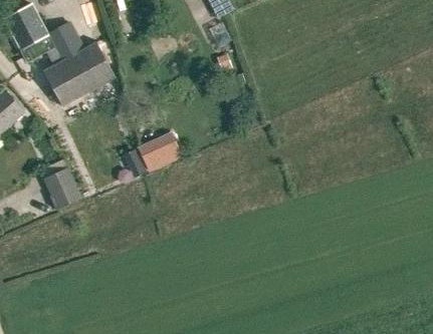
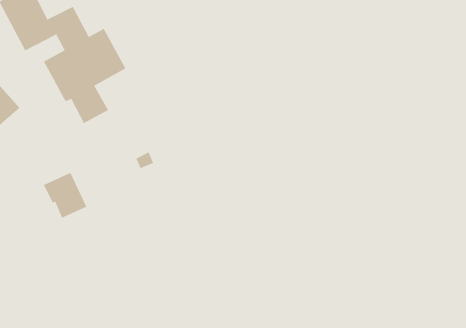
building: [138,132,181,171] -> none

